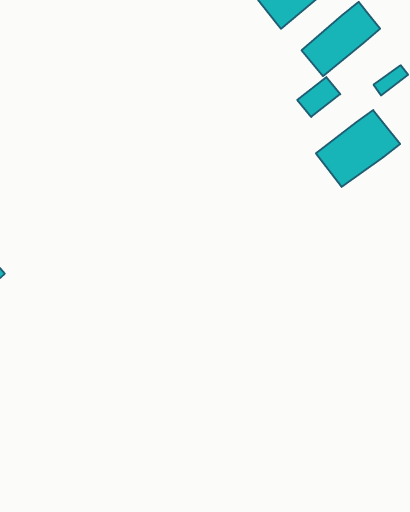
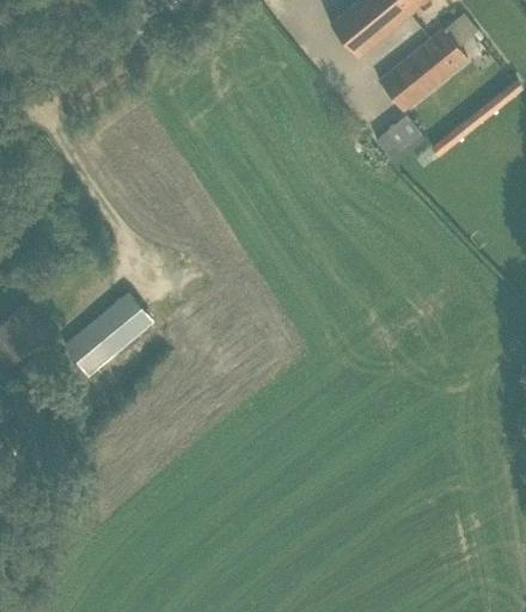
building: [316,110,400,187] -> none
building: none -> [65,293,153,374]

